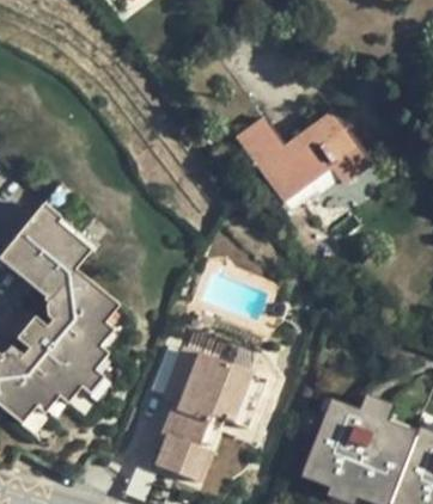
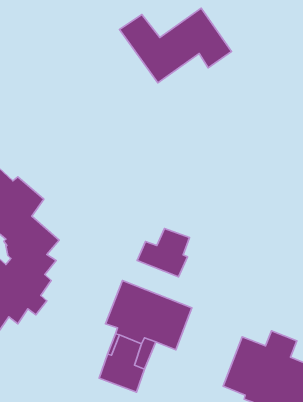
building: [238,111,371,199] -> [120,8,231,83]
building: none -> [137,228,190,277]

